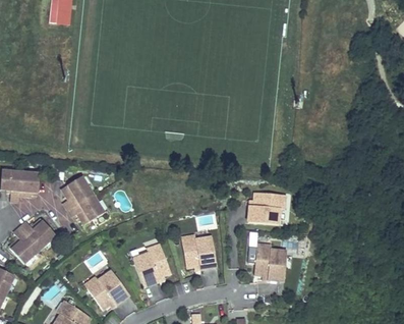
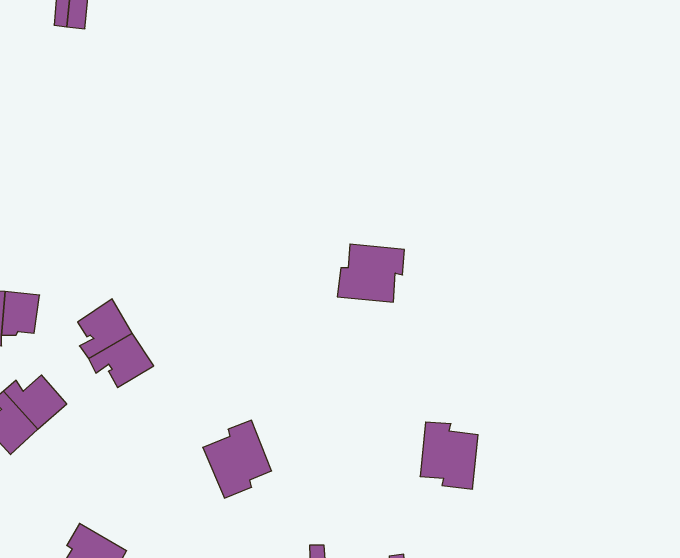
building: [248,193,286,225] -> [337,244,404,302]
building: [181,234,216,269] -> none
building: [85,269,130,309] -> none

